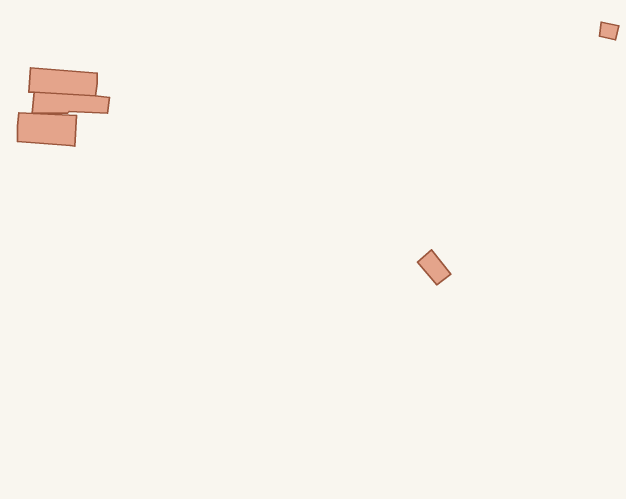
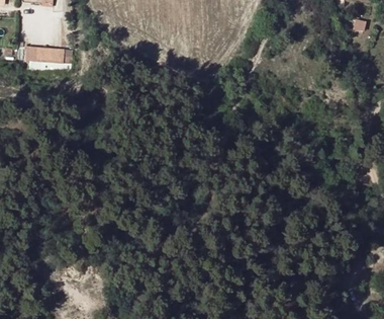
building: [17,113,77,146] -> none

